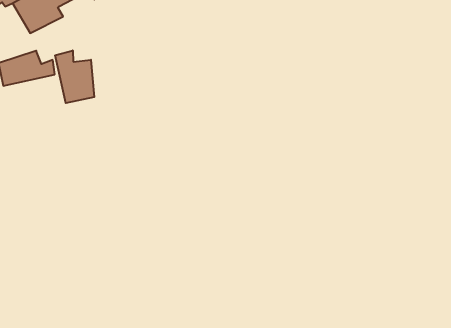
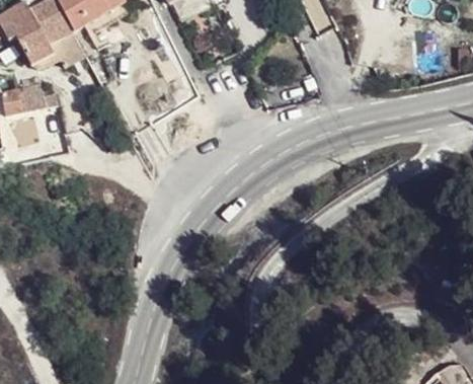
building: [55,50,94,103] -> none

